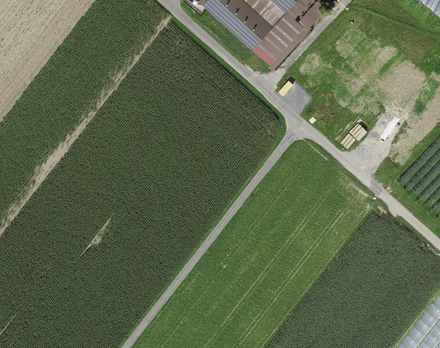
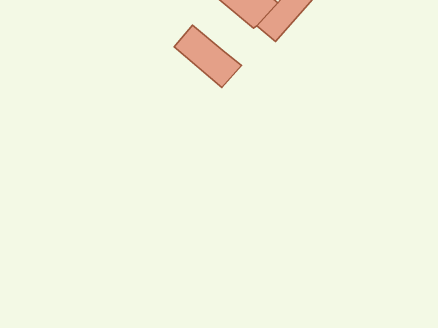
building: none -> [174,25,241,88]

